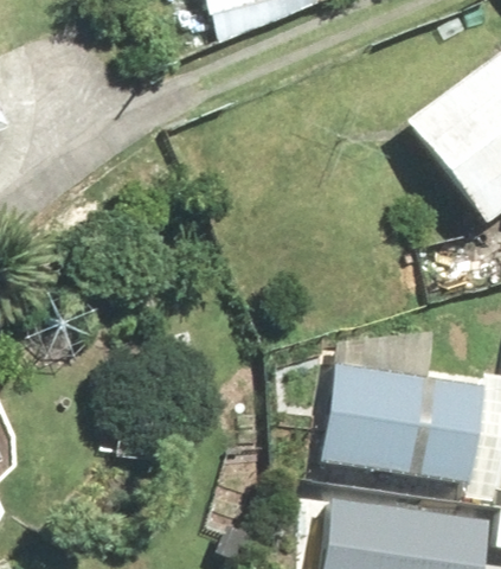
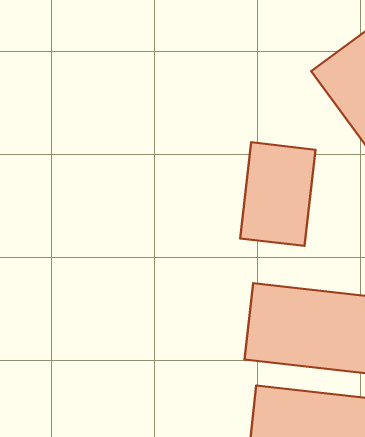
building: none -> [240,142,315,246]

